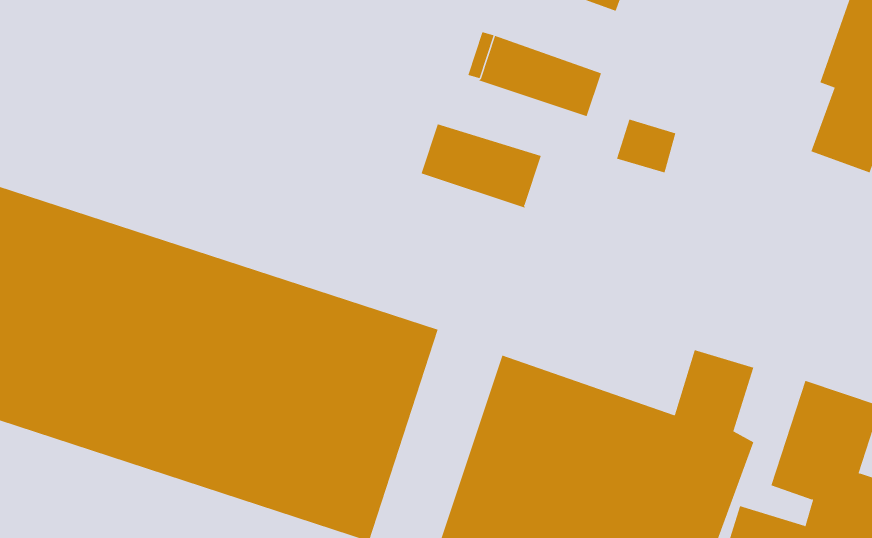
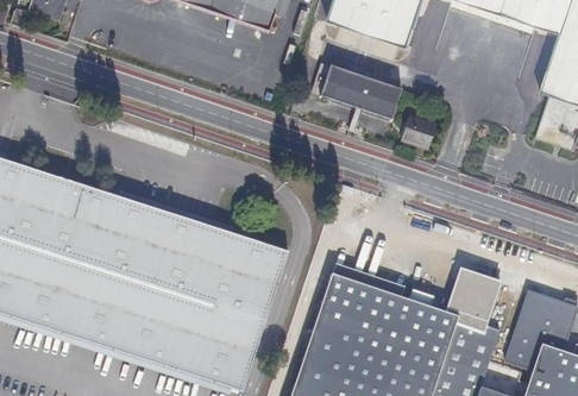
building: [421,123,542,209] -> none

